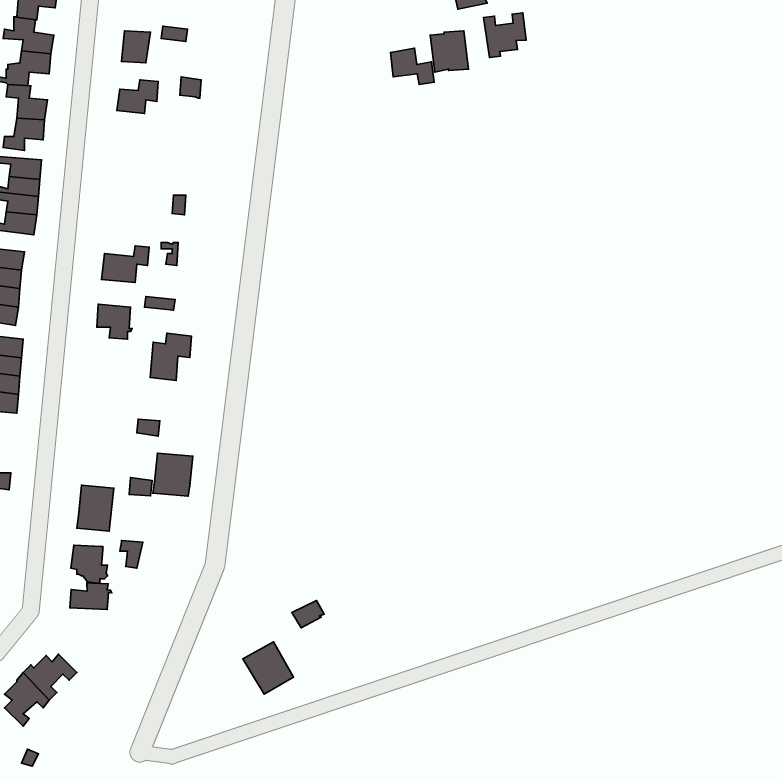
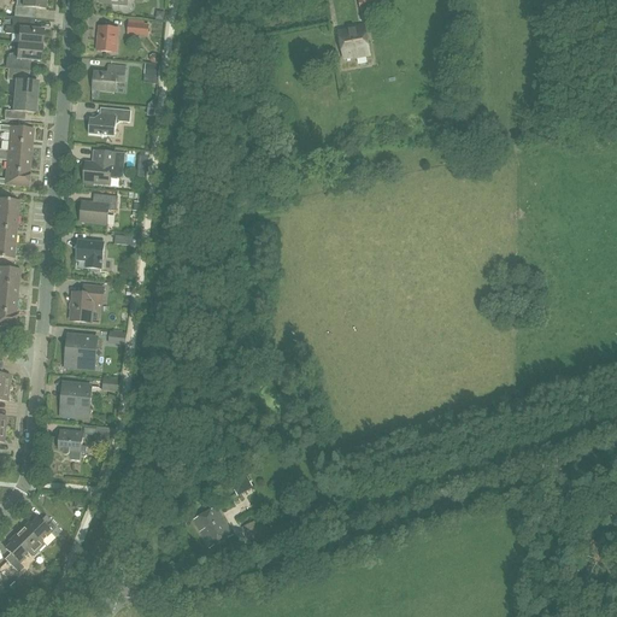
building: [483,13,526,58] -> none
building: [391,48,434,85] -> none
building: none -> [88,106,130,134]
building: none -> [83,148,123,181]
building: [150,333,192,381] -> [70,283,102,321]
building: [153,453,193,496] -> [64,334,95,368]
building: [70,583,112,609] -> none

